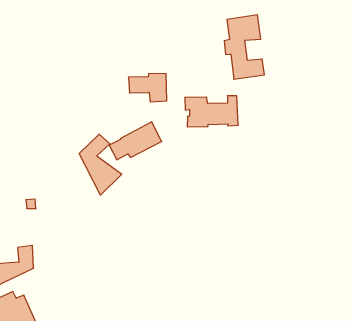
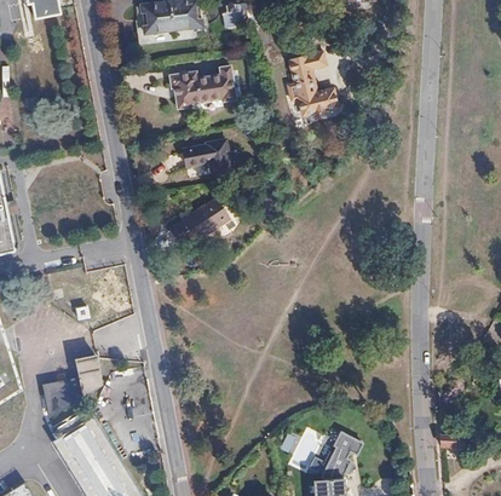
building: [185,96,238,127] -> [169,65,236,109]
building: [79,134,122,195] -> none

